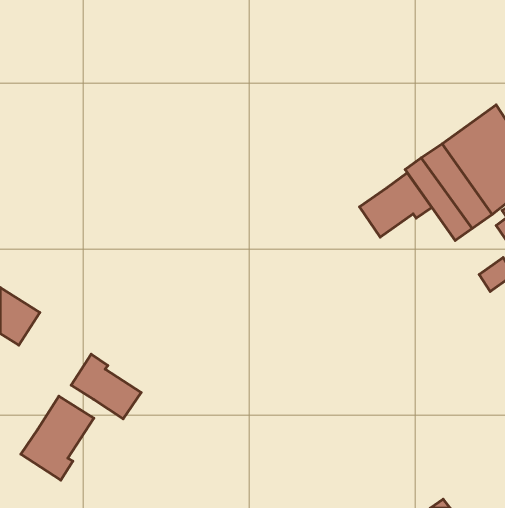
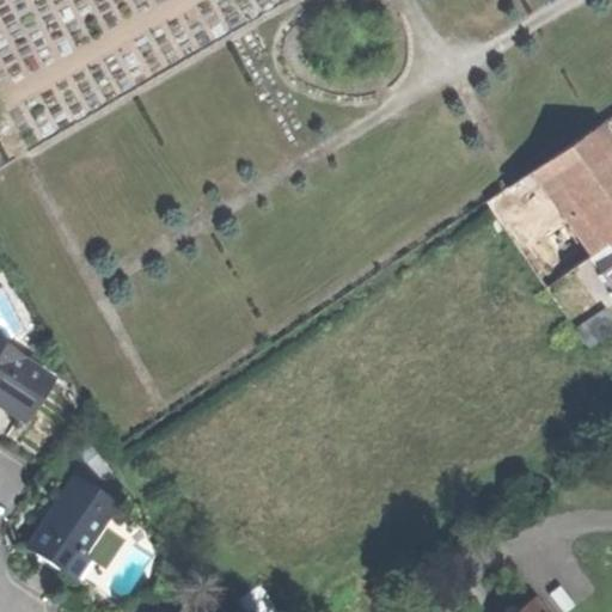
building: [359,173,432,237] -> none
building: [71,354,141,419] -> none

